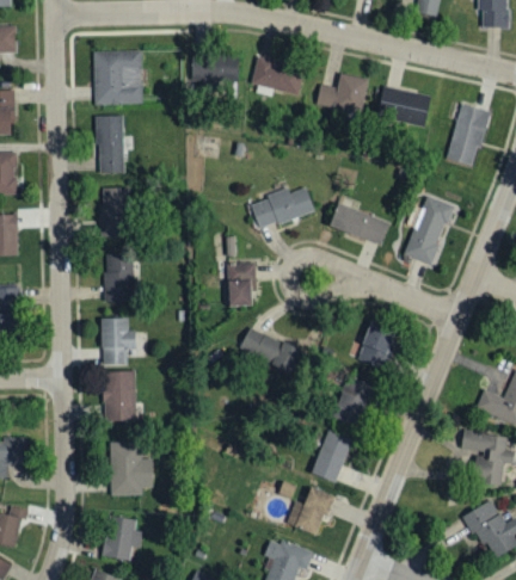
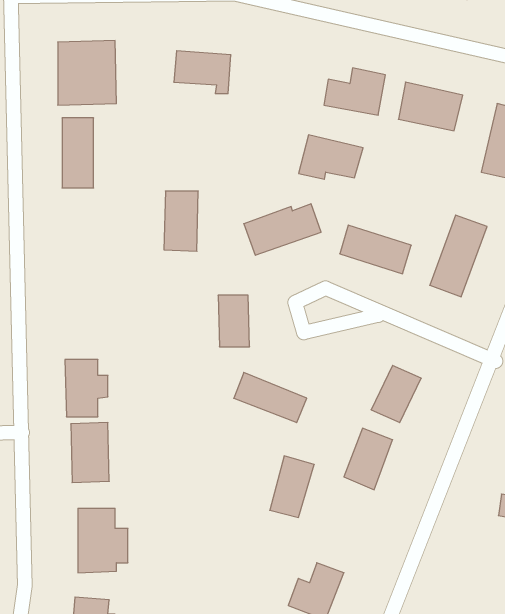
building: [251,60,305,97] -> [299,135,363,179]
building: [100,189,129,239] -> [164,191,198,251]
building: [105,254,135,303] -> none
building: [314,430,351,481] -> [270,456,314,517]

